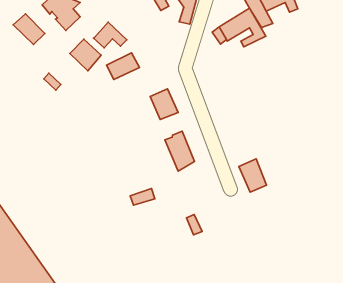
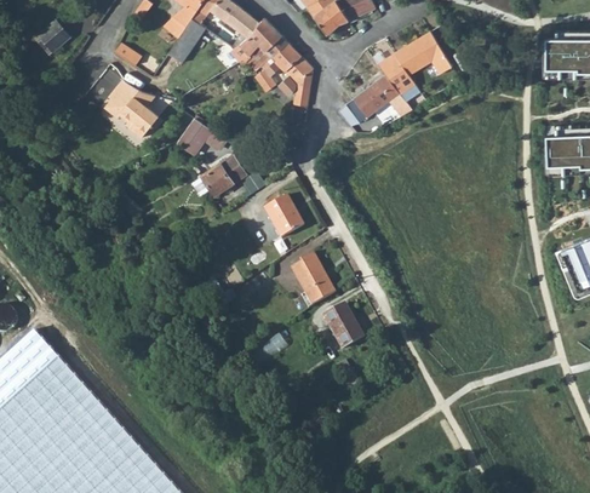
building: [13,14,45,45] -> none
building: [70,39,101,71] -> none
building: [239,159,266,192] -> [325,304,365,350]

